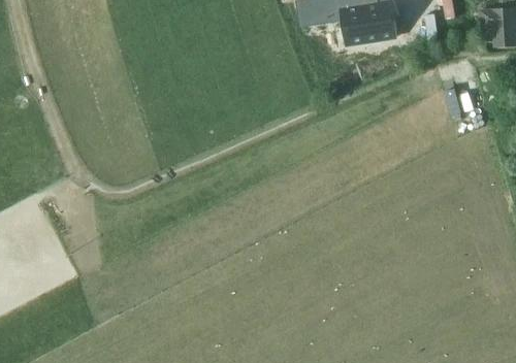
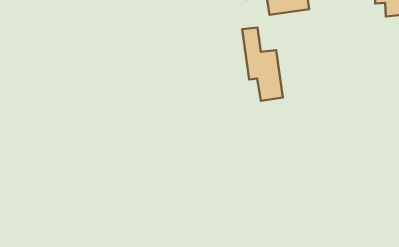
building: none -> [242,27,283,101]

